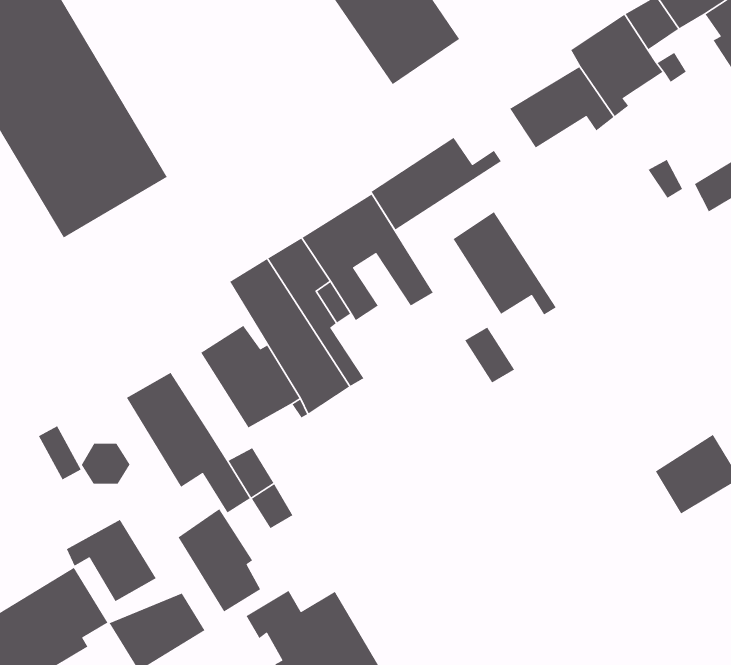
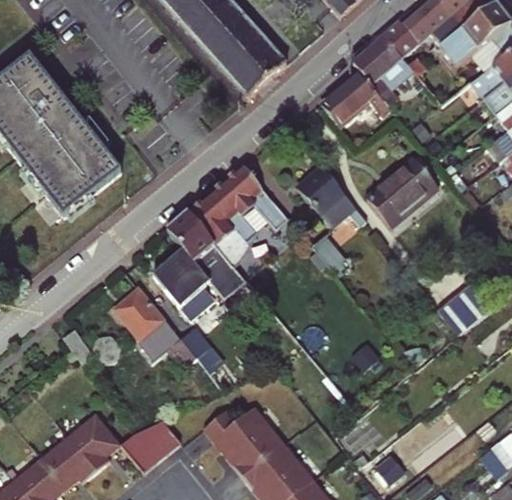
building: [371,137,502,231] -> none
building: none -> [367,159,438,226]
building: [178,508,261,612] -> none
building: [66,519,157,602] -> none

